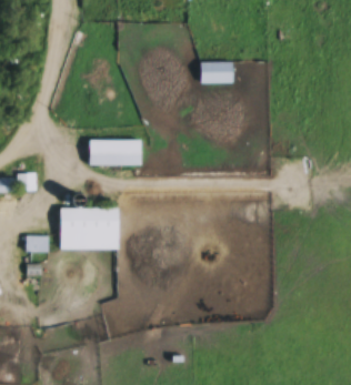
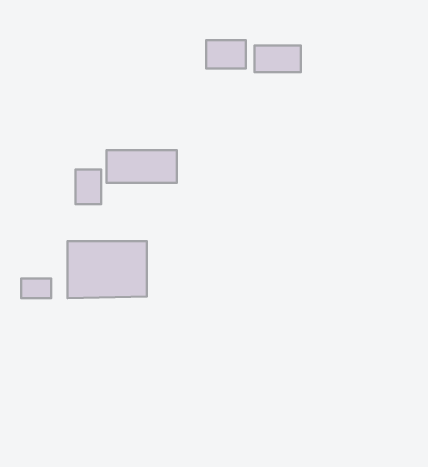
building: none -> [206,40,246,69]
building: none -> [75,169,101,204]

